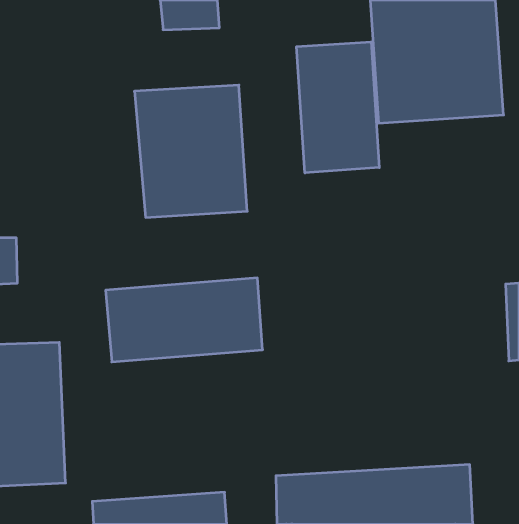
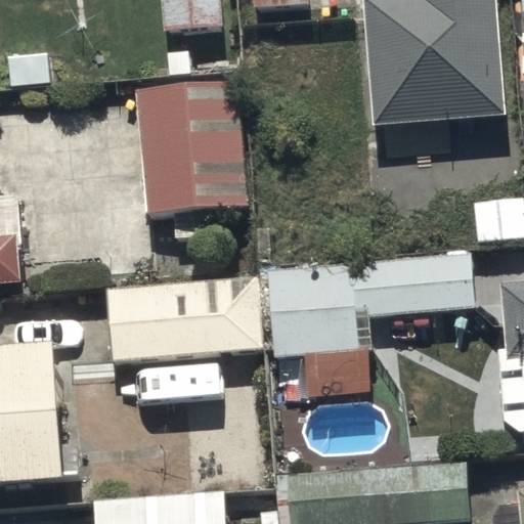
building: [297,42,379,173] -> none
building: none -> [267,253,475,356]

